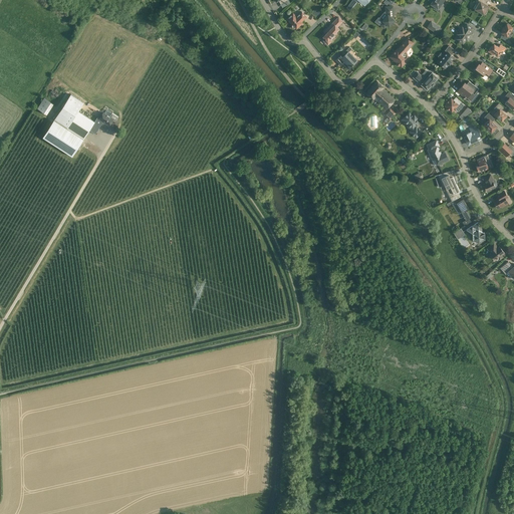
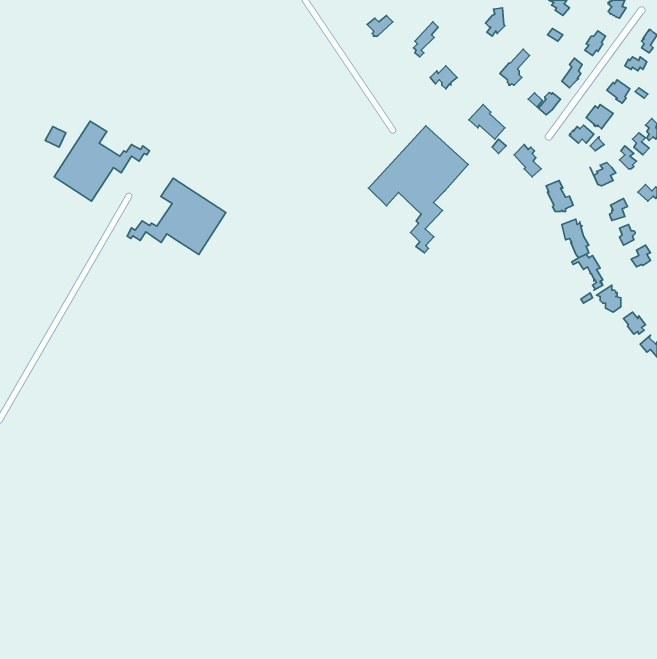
building: none -> [368,126,468,253]
building: none -> [127,178,226,254]

